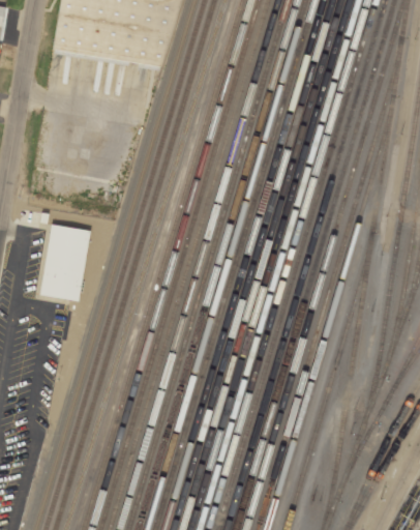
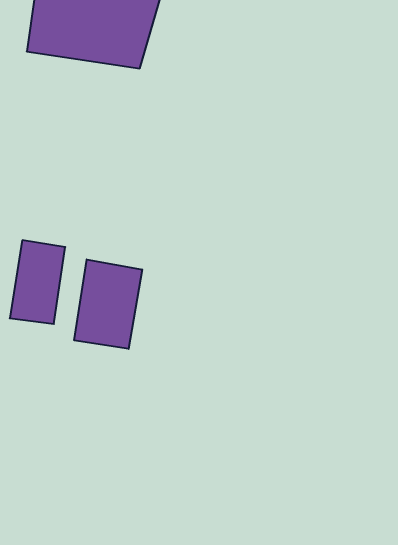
building: none -> [74,259,142,349]

